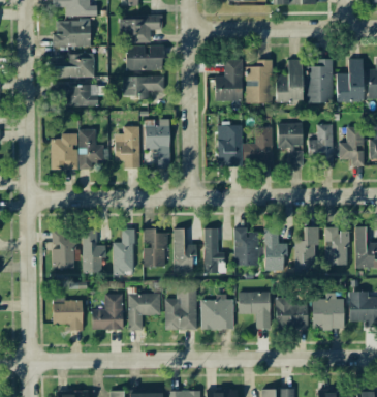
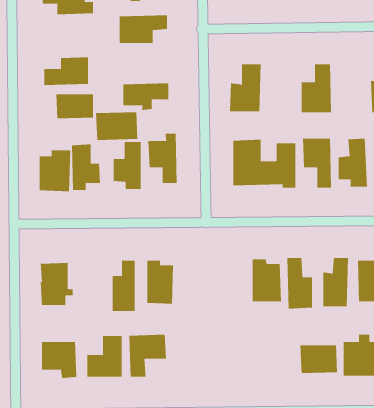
building: [53,21,91,47] -> none
building: [126,45,163,70] -> [95,112,138,140]
building: [246,59,272,103] -> none
building: [307,59,333,102] -> none
building: [203,227,226,272] -> none
building: [174,228,196,272] -> none
building: [83,231,105,272] -> none
building: [165,285,197,329] -> none
building: [239,292,271,328] -> none
building: [201,296,233,330] -> none

